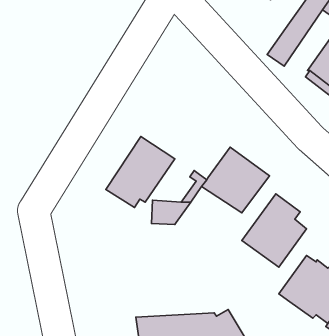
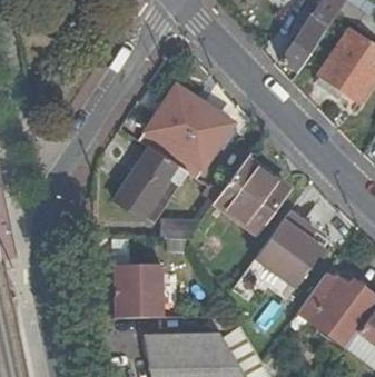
building: none -> [144,83,225,166]
building: none -> [114,264,161,317]

